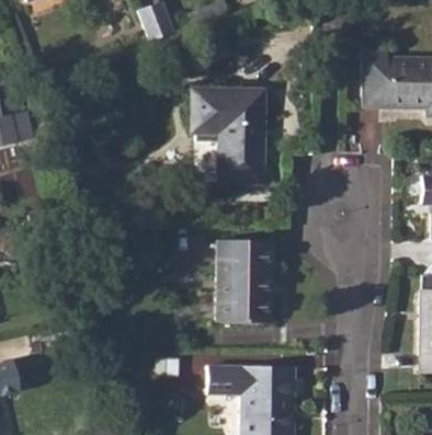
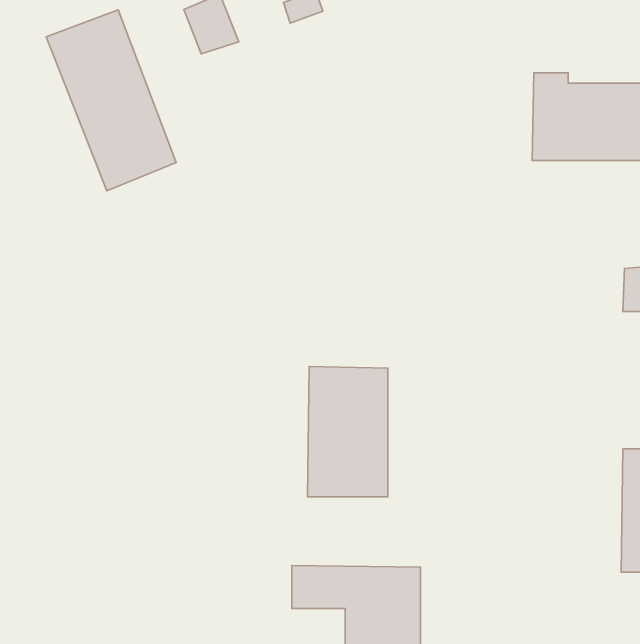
building: none -> [46,10,176,191]
building: [193,89,263,182] -> none

